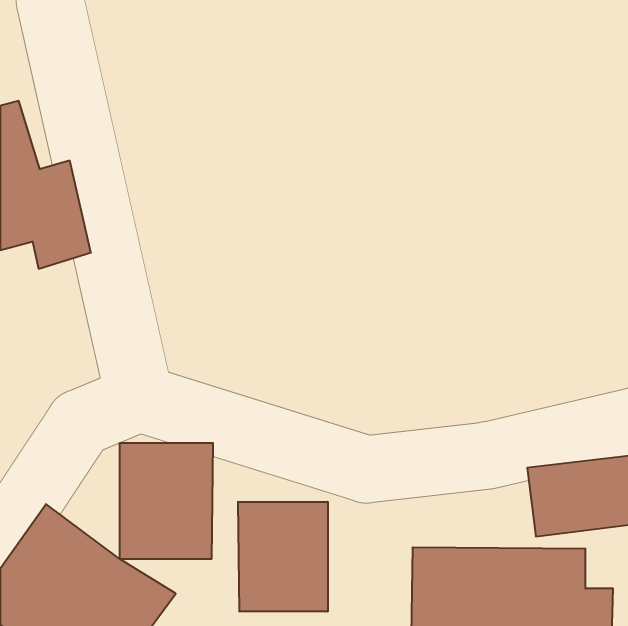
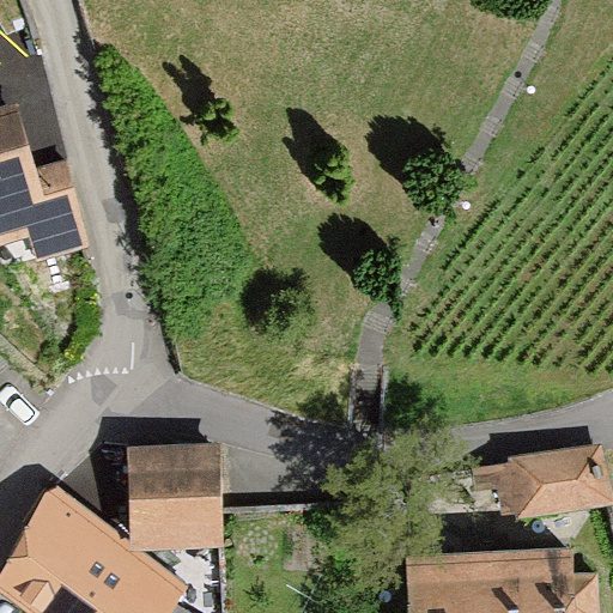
building: [238,502,328,612] -> none

